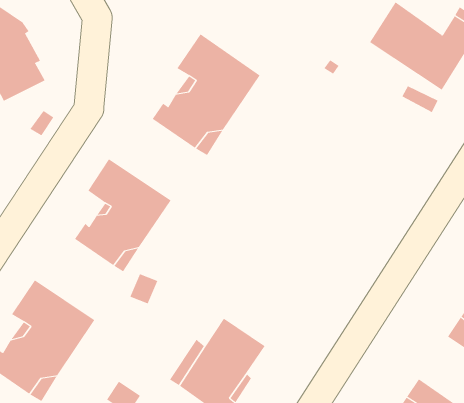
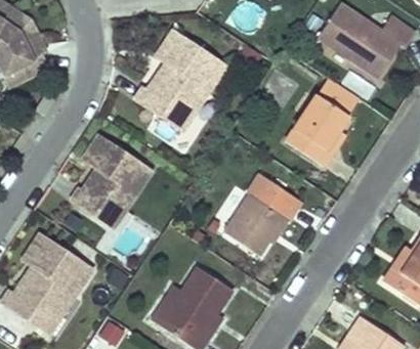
building: none -> [286,79,362,170]
building: none -> [223,175,302,256]

